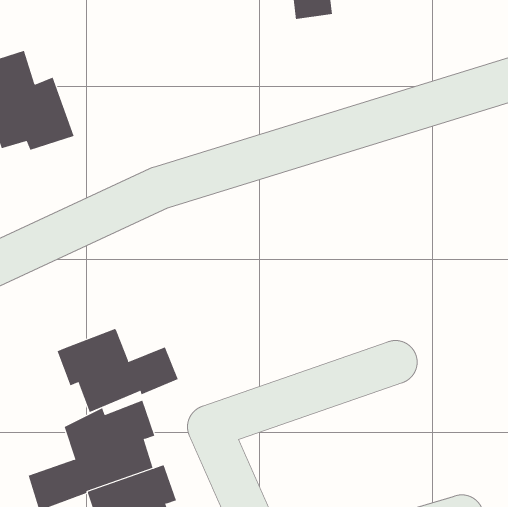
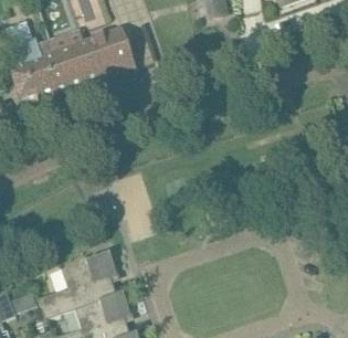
building: none -> [54,29,134,88]
building: [57,328,178,413] -> none

